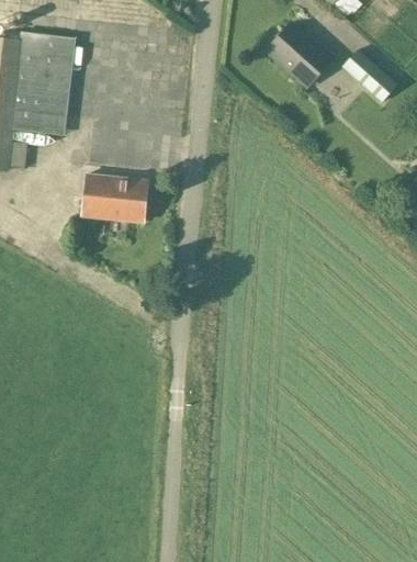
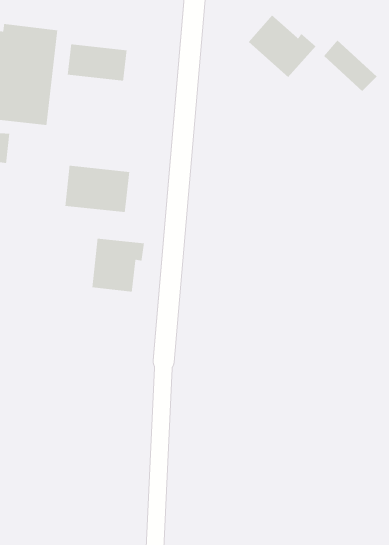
building: none -> [67,43,128,82]
building: none -> [92,238,145,292]

